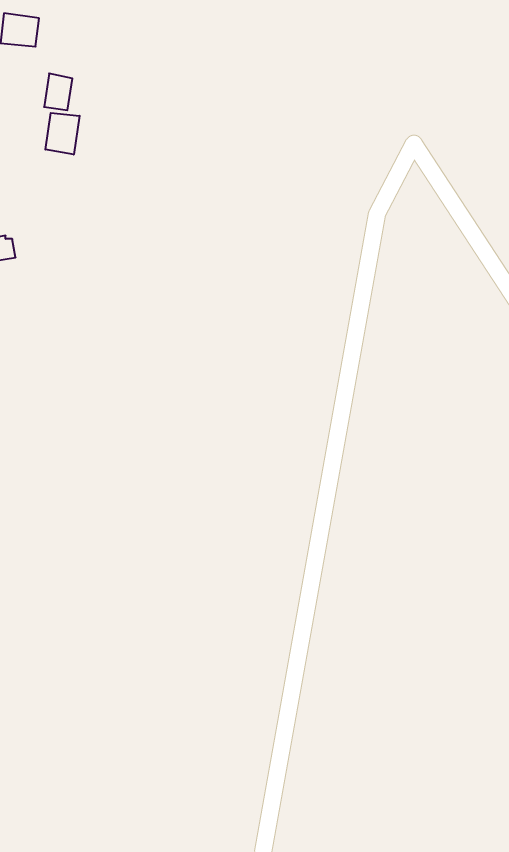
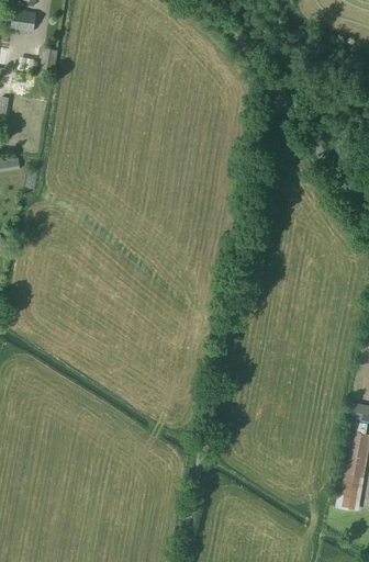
building: [45,113,80,155] -> none

